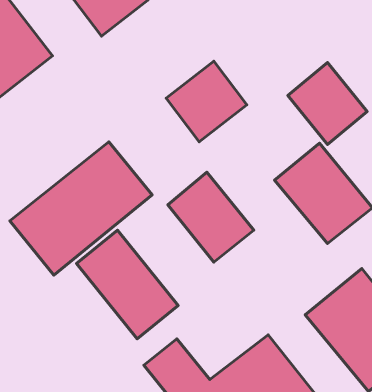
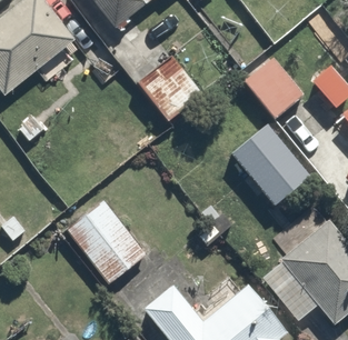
building: [10,142,152,275] -> none
building: [168,172,254,262] -> none

